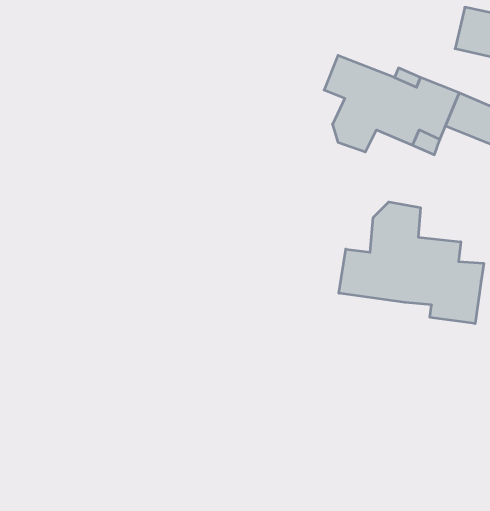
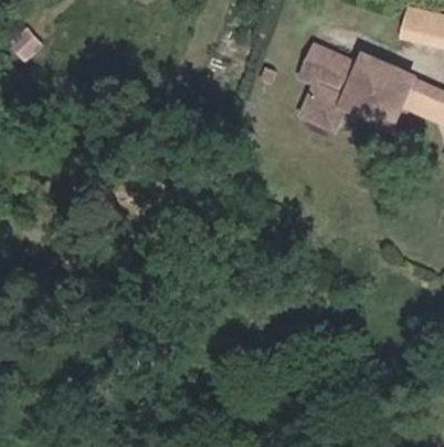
building: [339,202,484,324] -> none

